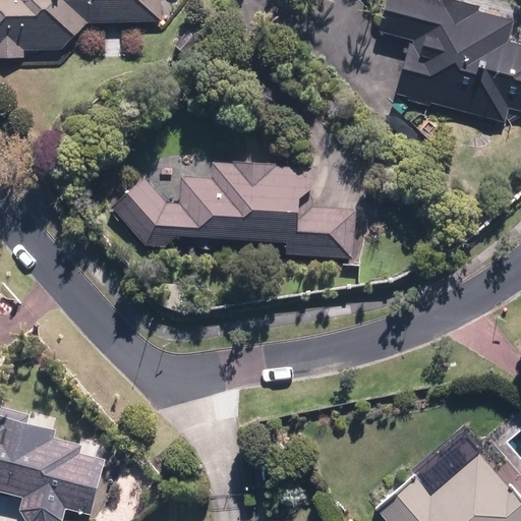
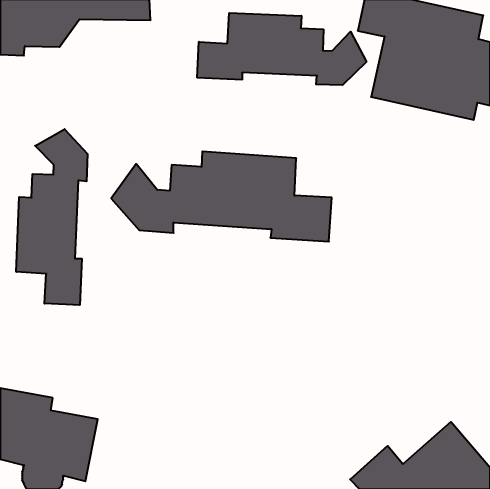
building: none -> [197,13,366,85]
building: none -> [16,129,87,305]

